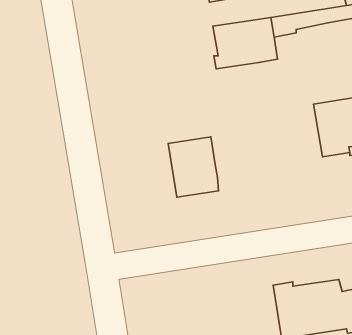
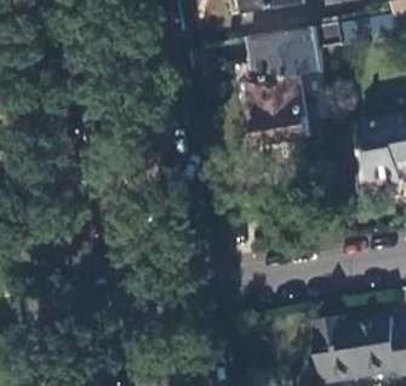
building: [168,137,218,197] -> [250,76,305,143]

